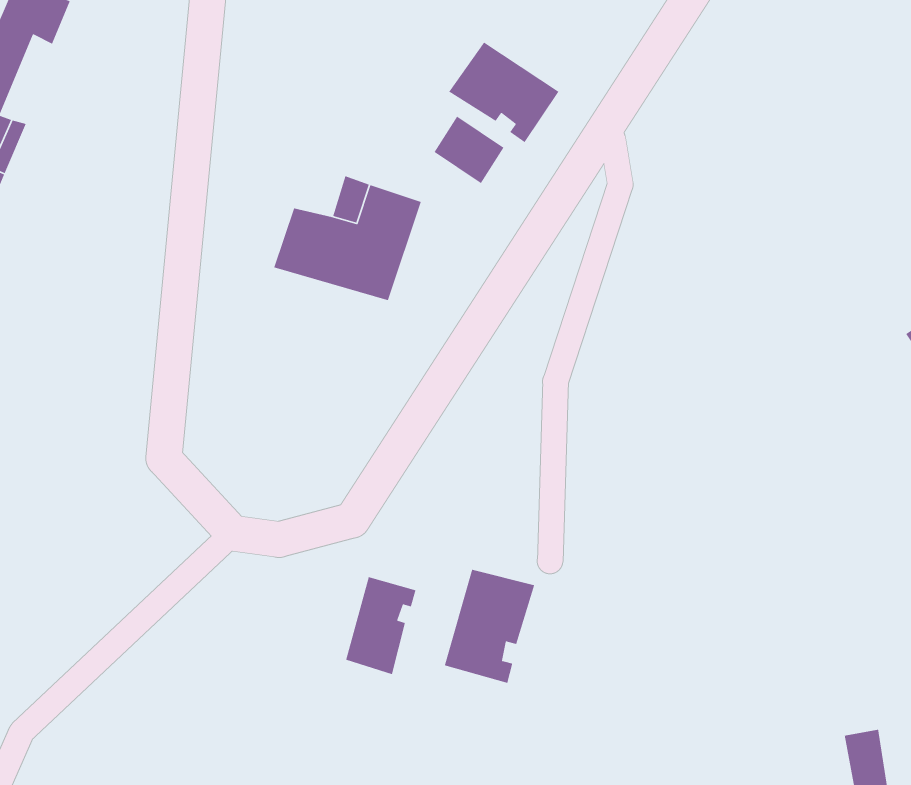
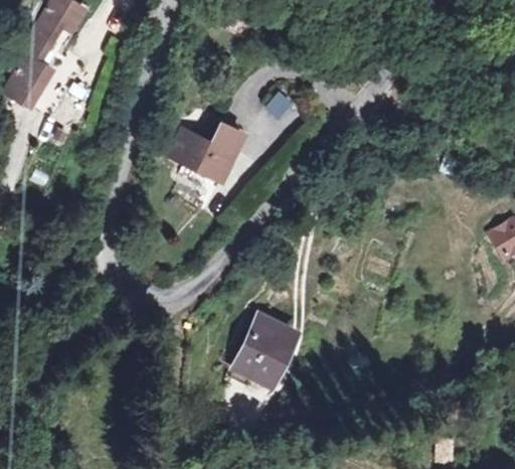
building: [448,41,559,143] -> none
building: [345,576,417,675] -> none

